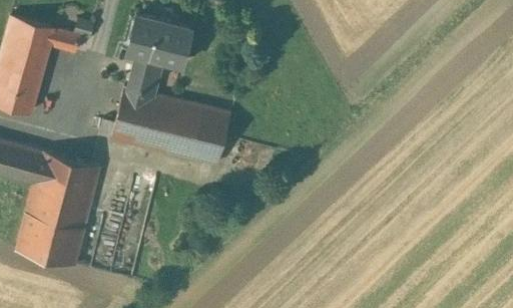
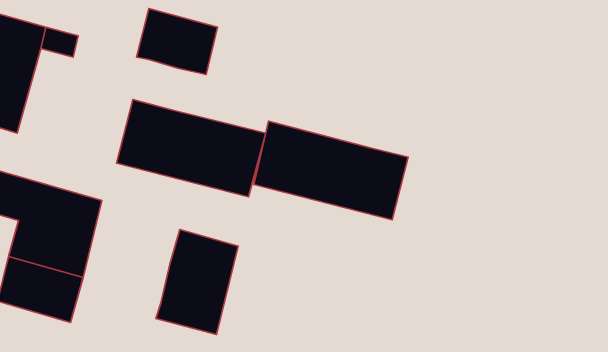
building: [128,55,161,95] -> none
building: none -> [254,121,408,220]
building: none -> [156,230,238,335]

